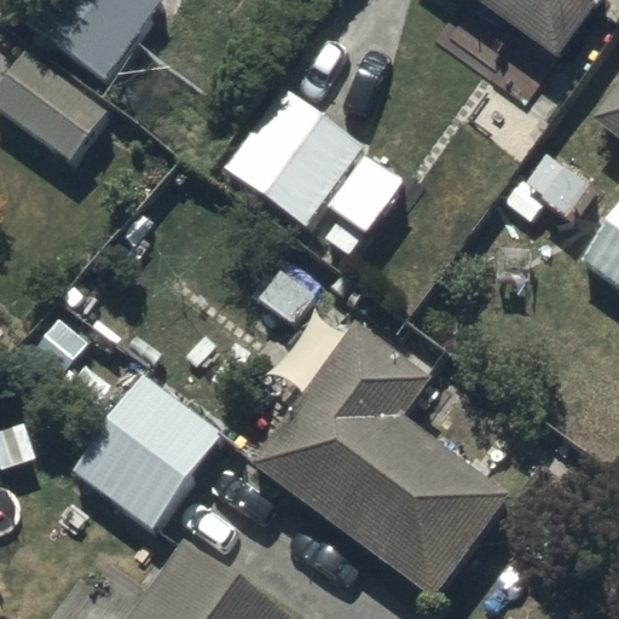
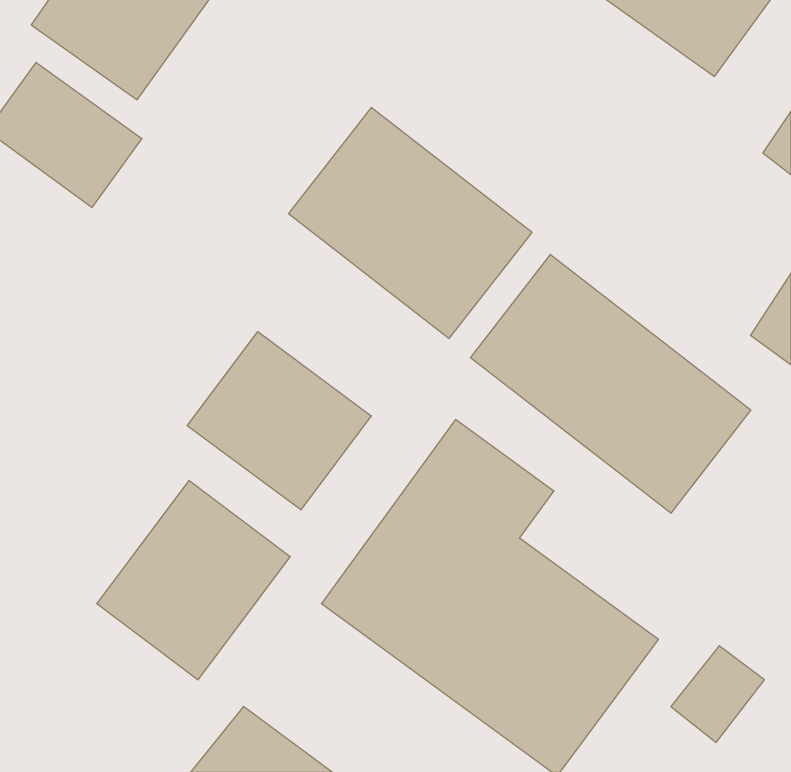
building: none -> [471,254,751,513]
building: none -> [187,332,371,510]

